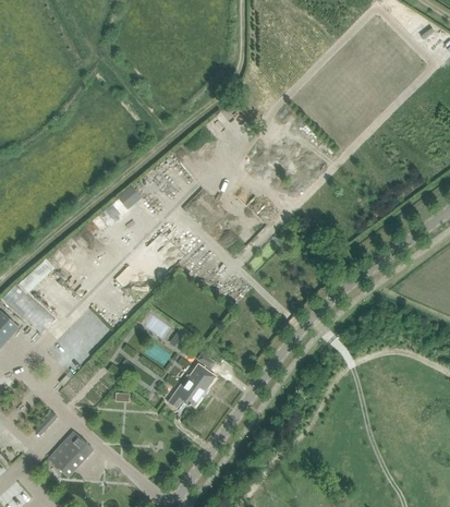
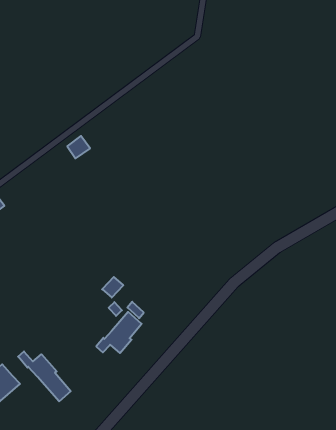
building: none -> [18,351,71,401]

